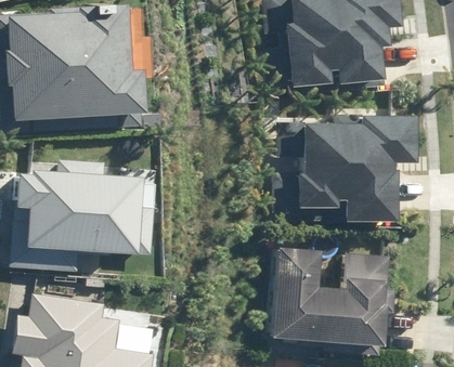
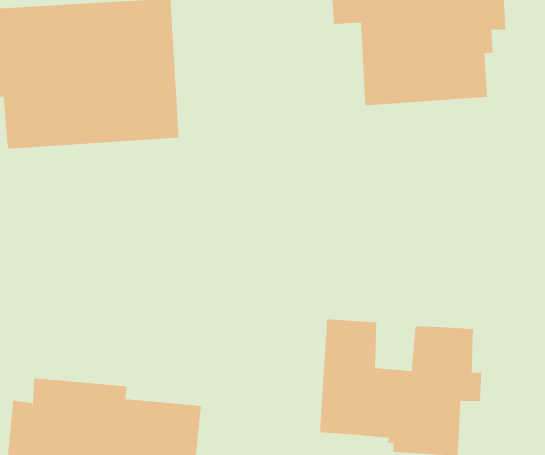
building: [276,112,416,221] -> none
building: [17,163,155,257] -> none

